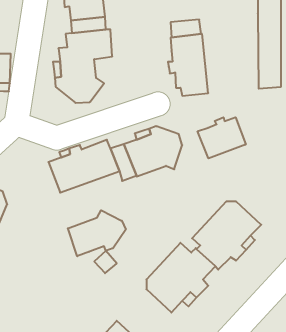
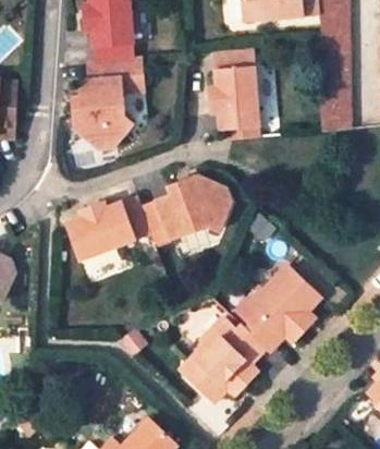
building: [198,117,246,158] -> none
building: [68,210,126,256] -> none

